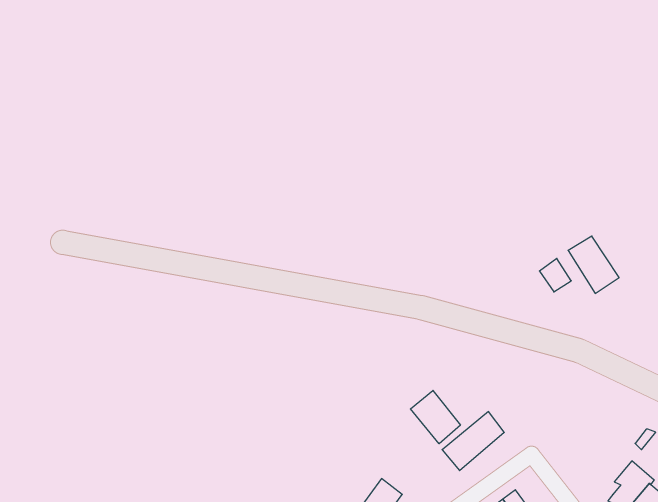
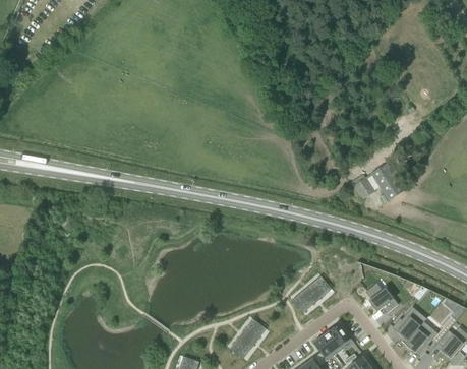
building: [410,390,460,444] -> none
building: none -> [365,285,398,313]

